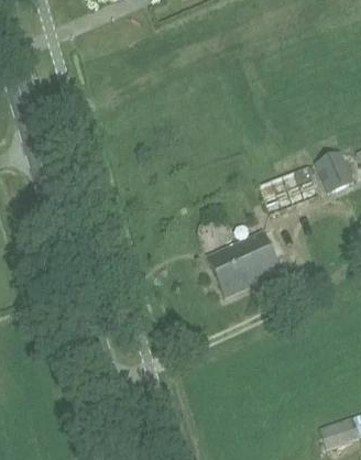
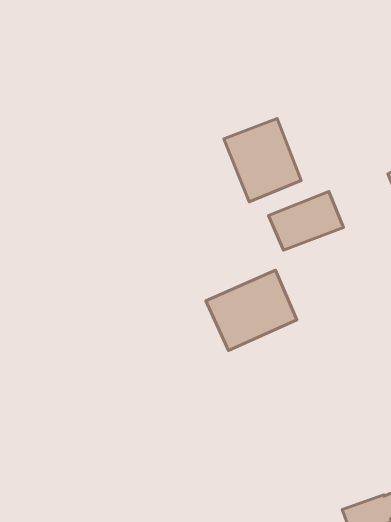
building: none -> [224,118,301,202]
building: [316,151,354,193] -> none

